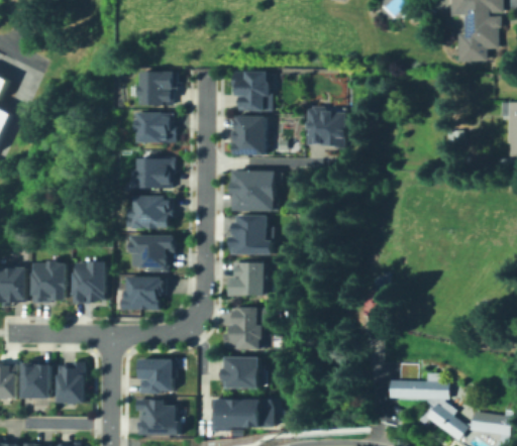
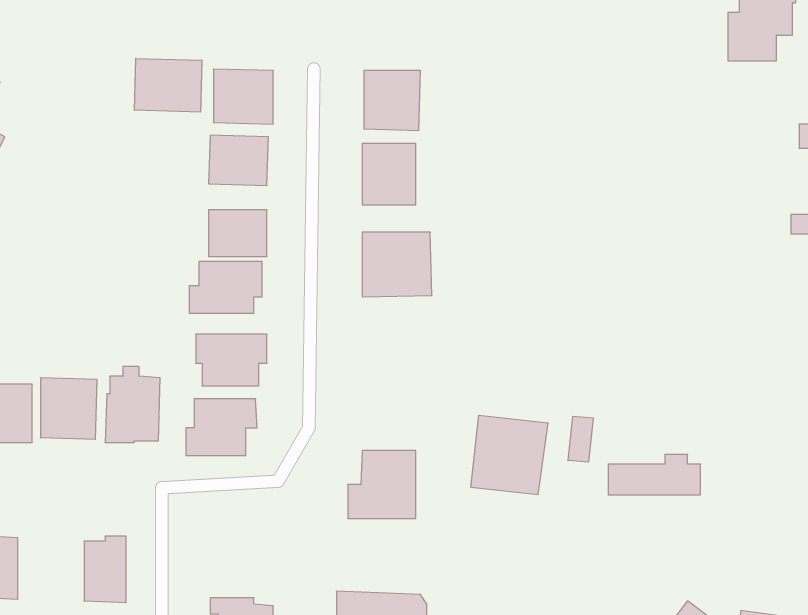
building: none -> [134,58,202,112]
building: [304,105,342,146] -> none
building: [226,214,271,253] -> none
building: [227,262,266,298] -> none
building: none -> [471,415,548,495]
building: [225,356,261,391] -> none
building: [137,359,173,391] -> none
building: [22,363,49,400] -> none
building: [388,370,445,396] -> [608,454,700,495]

